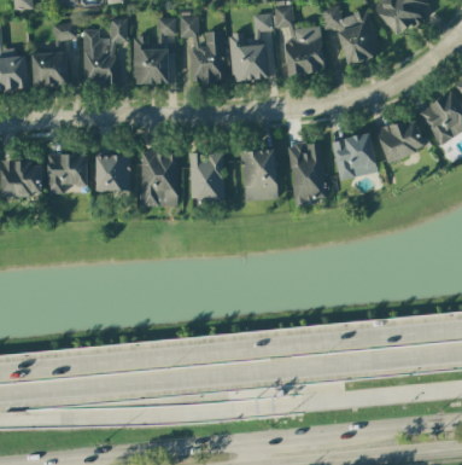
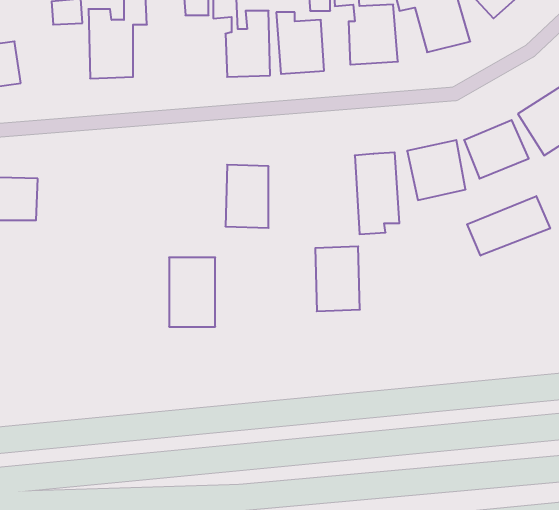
building: [131,36,169,85] -> none
building: [31,52,66,86] -> none
building: [241,150,276,200] -> [315,246,360,311]
building: [140,152,176,207] -> [169,257,215,327]
building: [46,153,87,193] -> none
building: [95,155,129,191] -> none
building: none -> [467,196,550,256]

